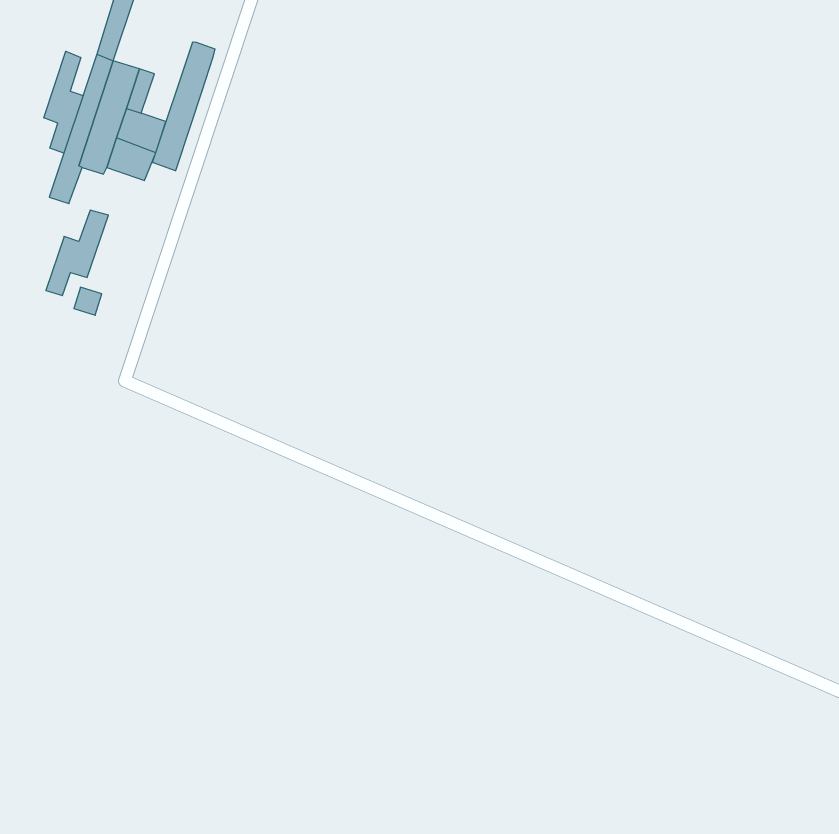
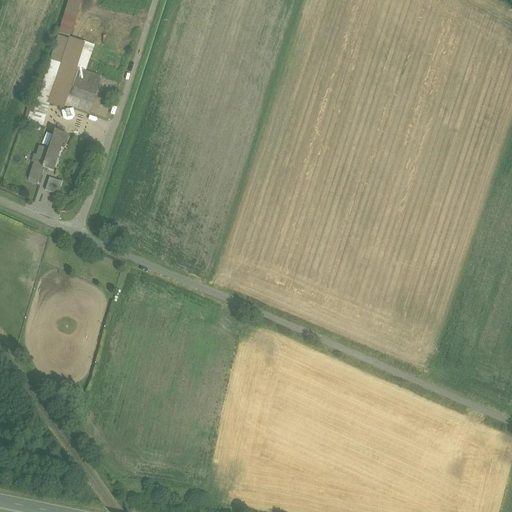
building: [153,42,215,171] -> none
building: [44,51,83,153] -> none

